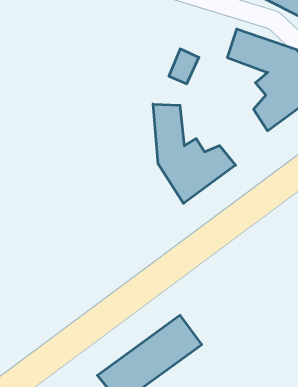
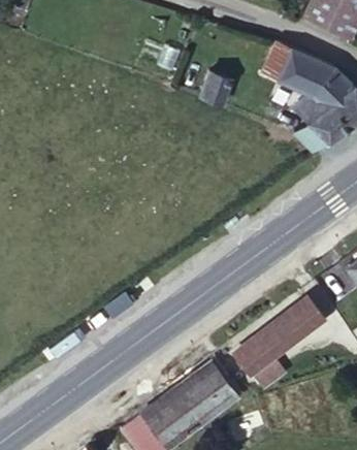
building: [153,104,236,203] -> none
building: none -> [234,303,322,378]

